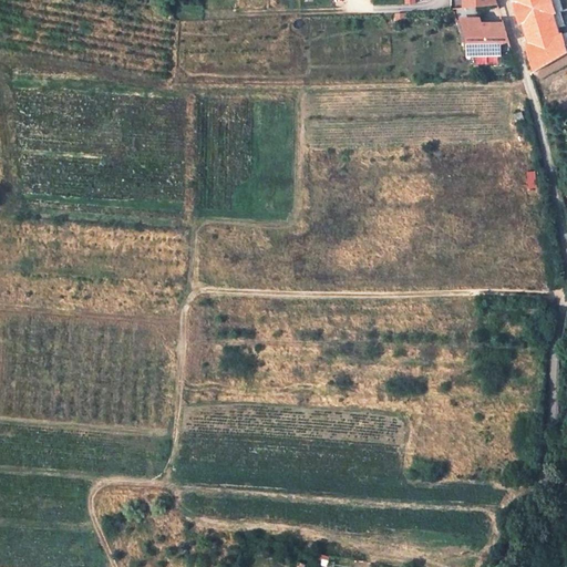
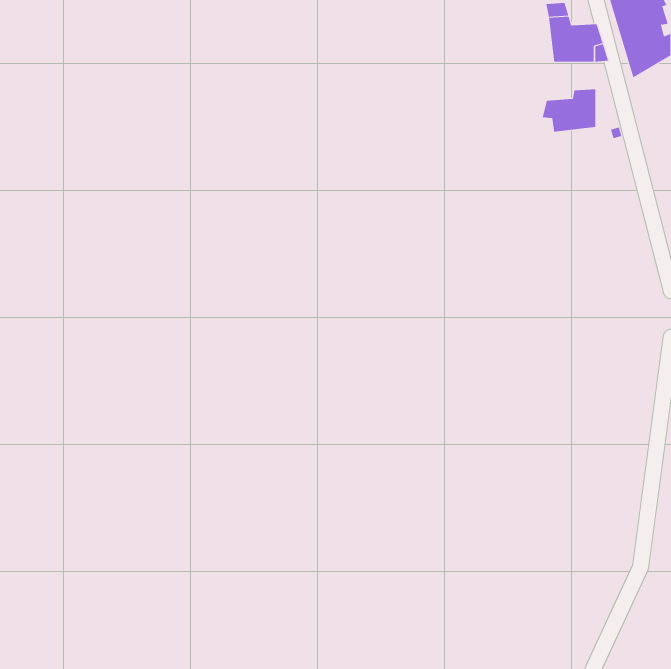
building: none -> [542,89,596,132]

